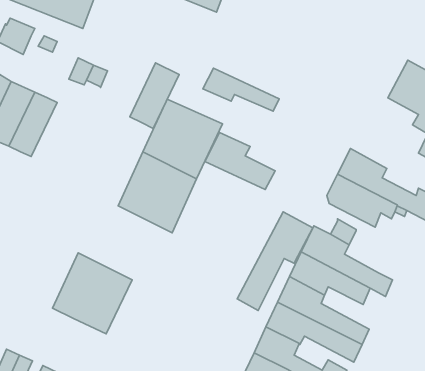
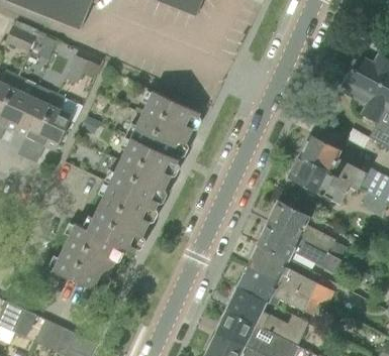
building: [130,63,179,128] -> [35,94,78,150]
building: [203,68,279,111] -> none
building: [205,132,275,190] -> none
building: none -> [88,183,157,252]
building: [237,212,313,311] -> none

